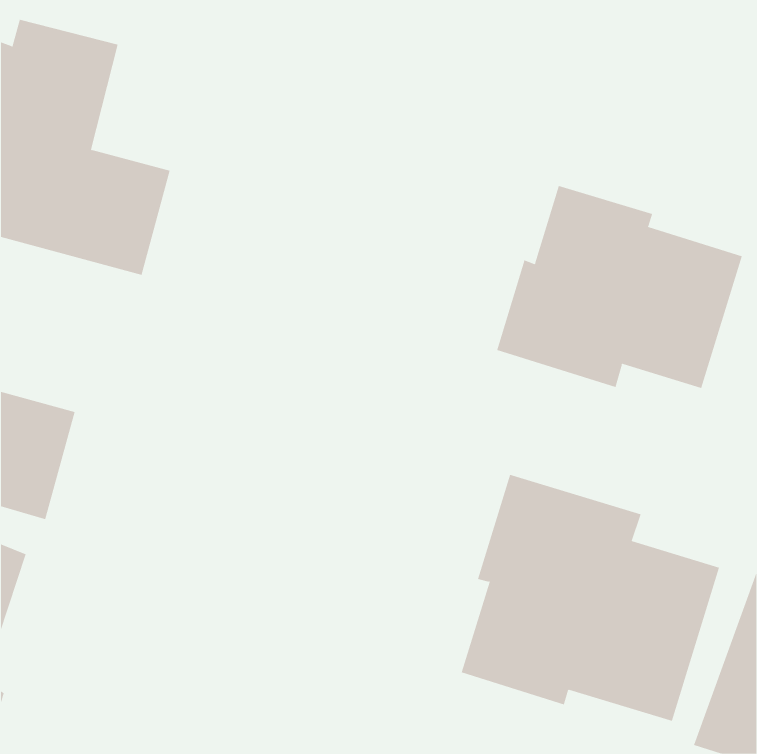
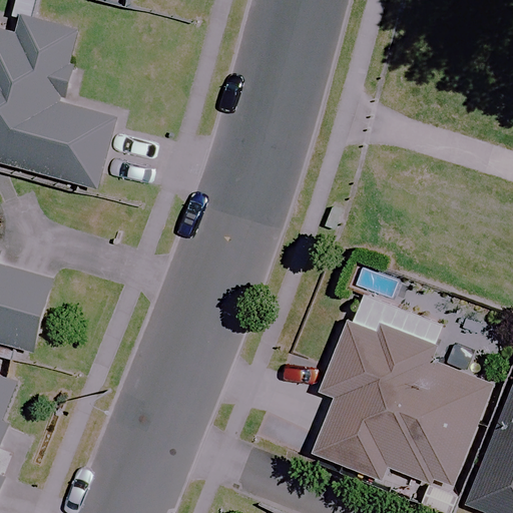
building: [496,185,743,389] -> none

